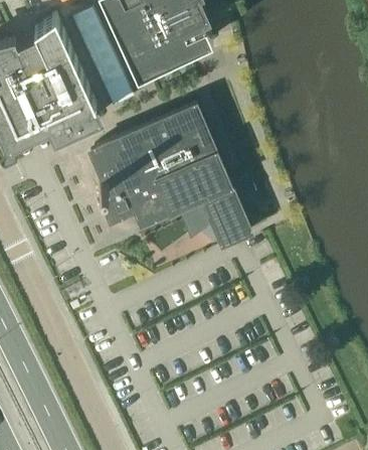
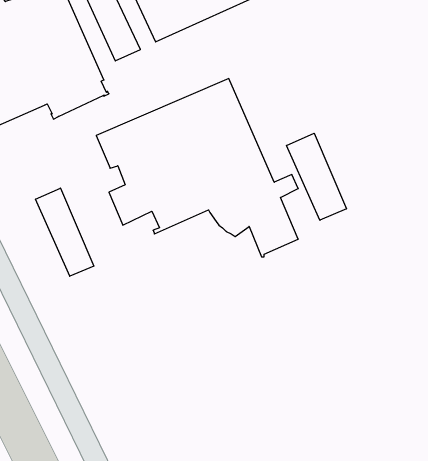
building: none -> [287,133,346,220]
building: none -> [36,188,94,276]

